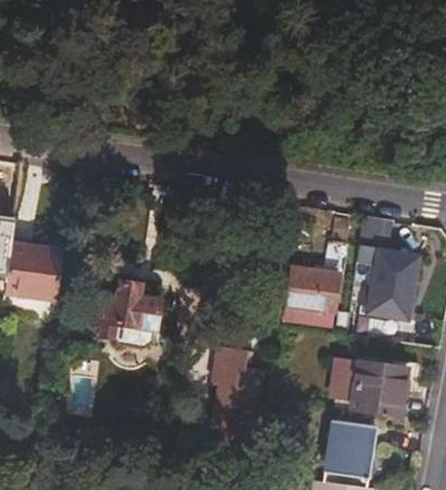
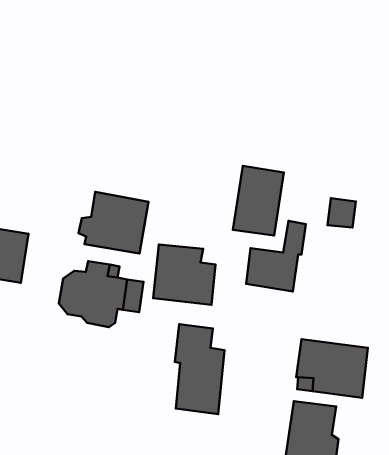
building: none -> [79,192,148,254]
building: [363,249,415,319] -> [233,166,284,235]
building: none -> [153,245,216,305]

